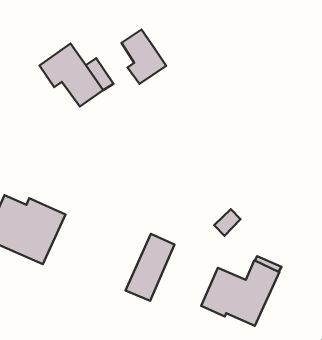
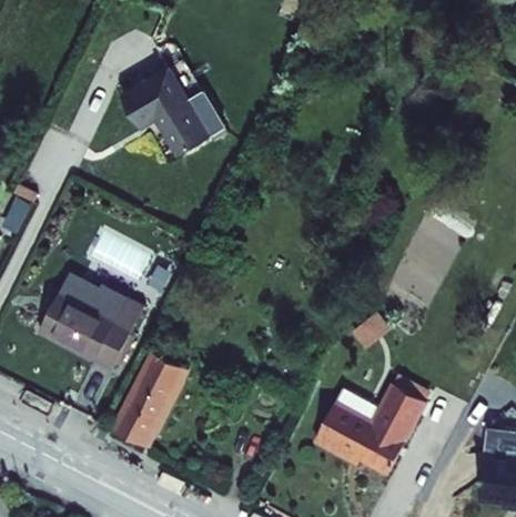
building: [121,29,166,84] -> none
building: [126,234,175,301] -> [114,351,185,442]

